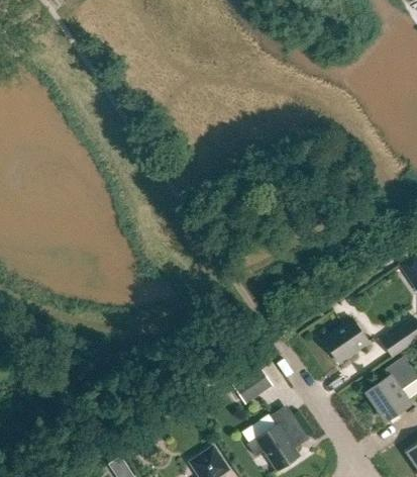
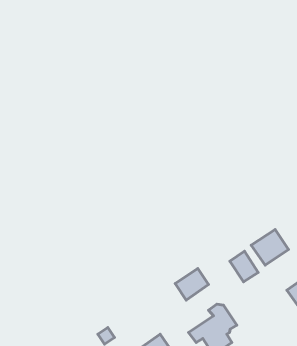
building: none -> [230,251,258,282]

